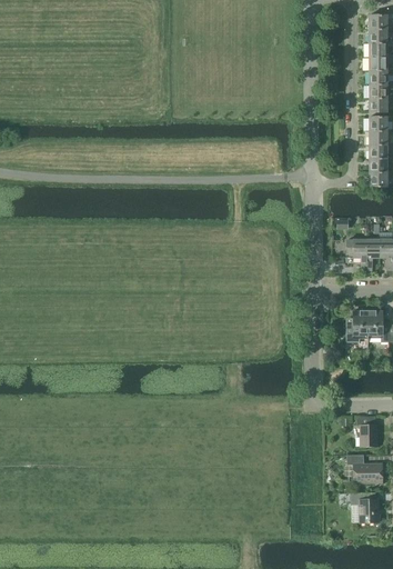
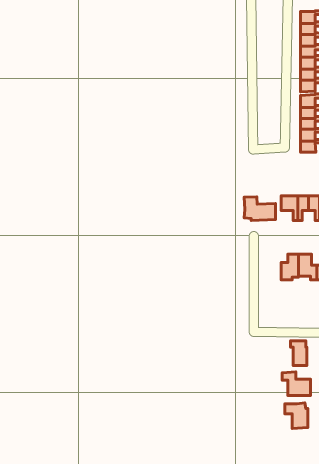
building: none -> [244,197,276,220]

